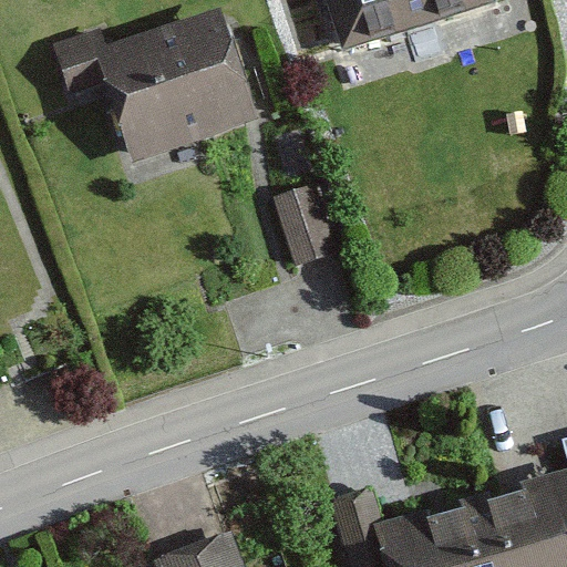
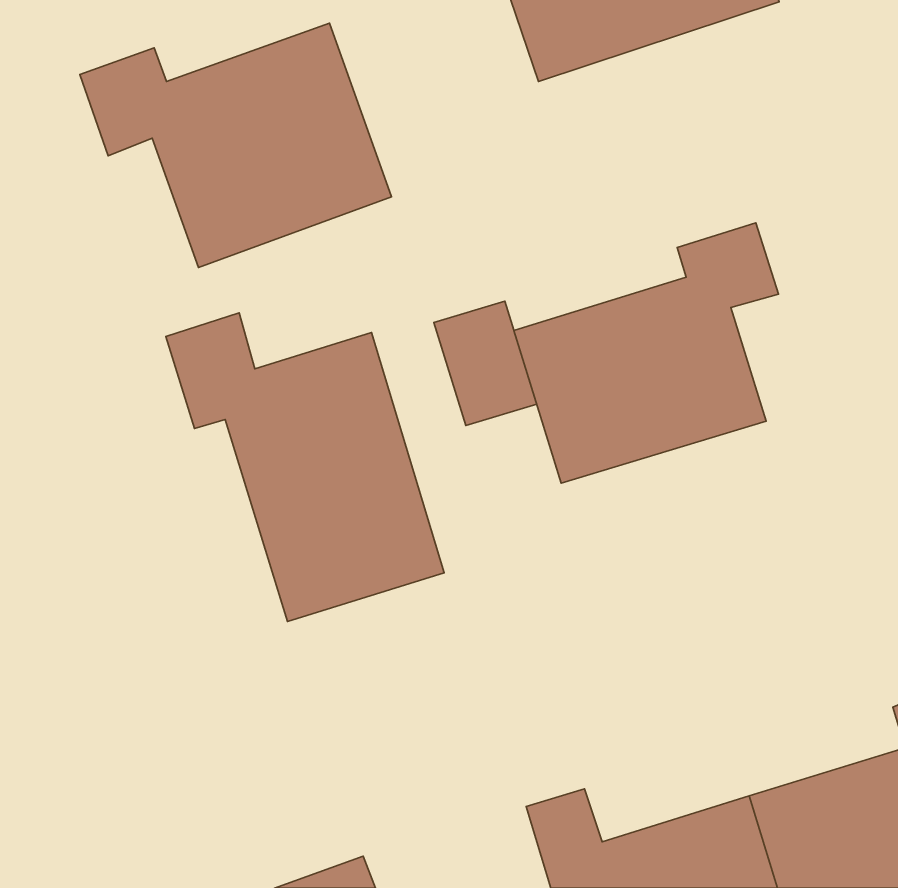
building: none -> [514,223,779,483]
building: none -> [166,313,444,622]

